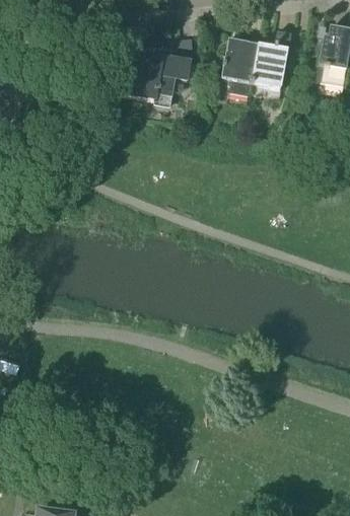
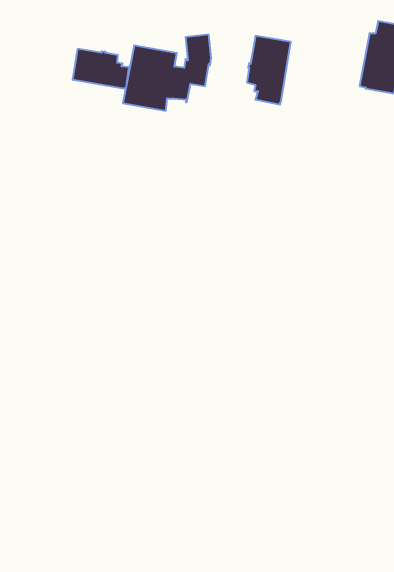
building: [251,29,292,96] -> none
building: none -> [73,49,129,88]

